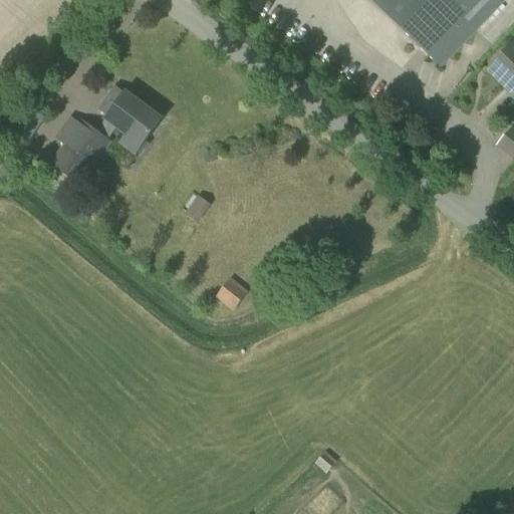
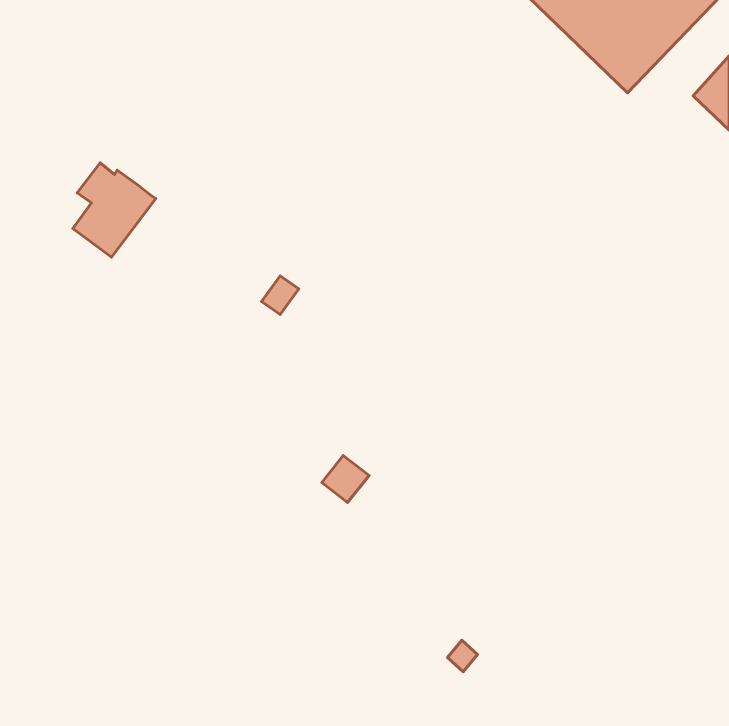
building: [96,85,162,153] -> none
building: [215,276,248,309] -> [322,455,369,503]

